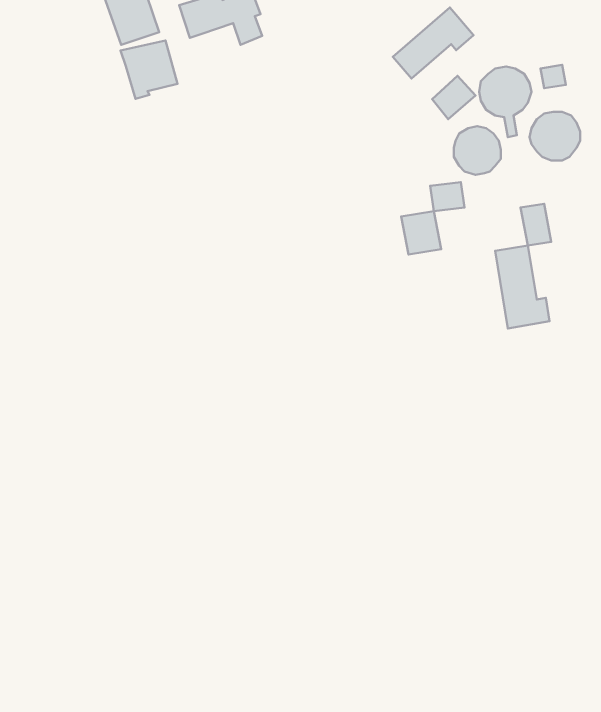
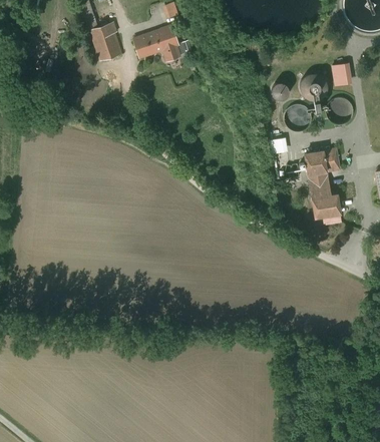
building: [393,7,473,78] -> none
building: [121,40,177,99] -> none
building: [401,211,441,254] -> [304,150,326,174]

